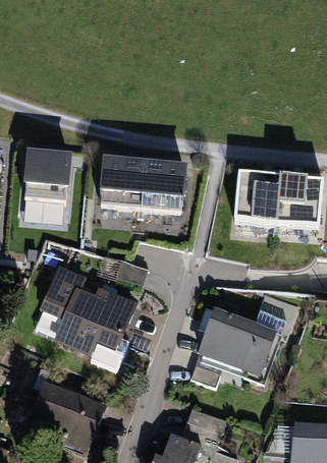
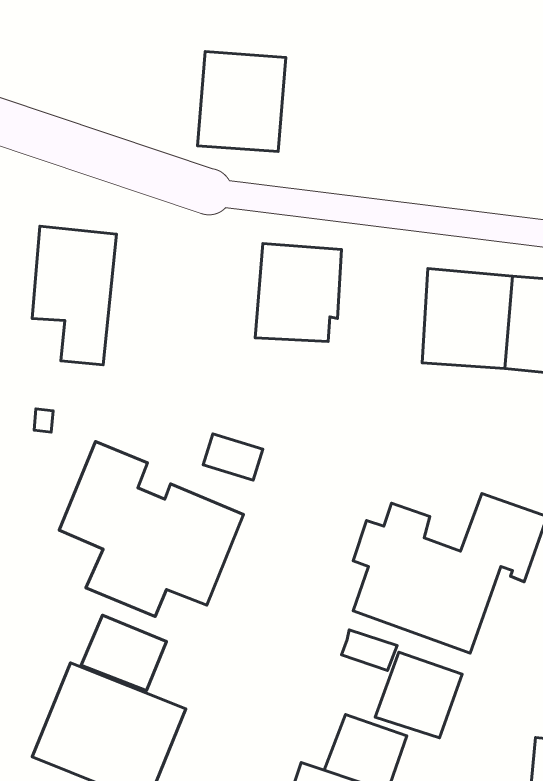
building: [102,158,149,211] -> [198,52,286,152]
building: none -> [81,615,167,690]
building: none -> [375,652,462,738]

